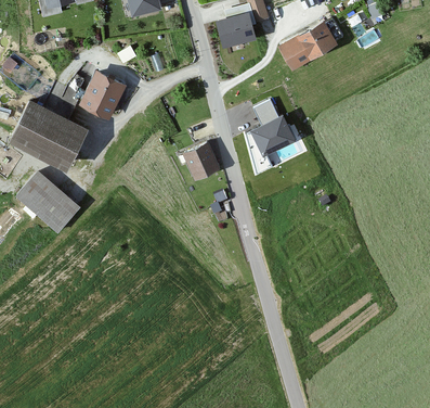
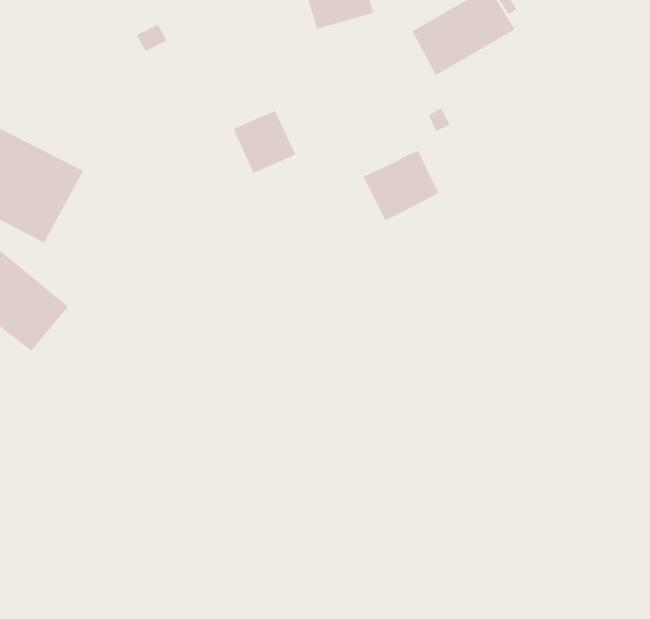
building: [79,71,126,119] -> none
building: [252,99,279,126] -> none
building: [182,143,219,180] -> [233,110,296,174]

